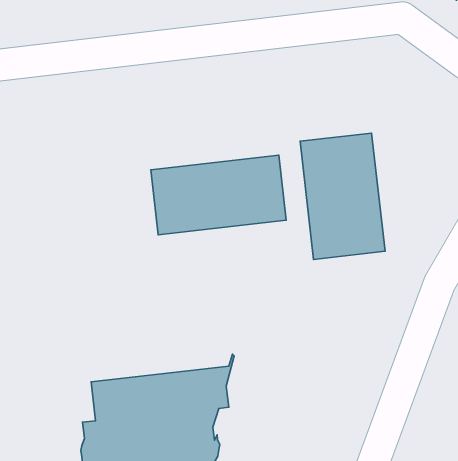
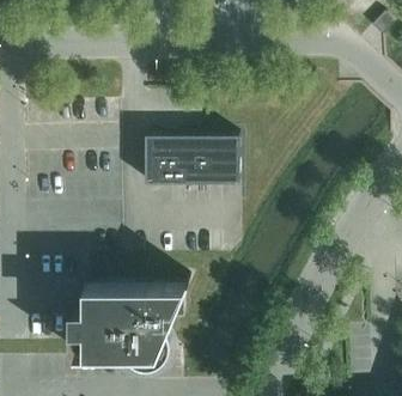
building: [300,133,385,259] -> none

